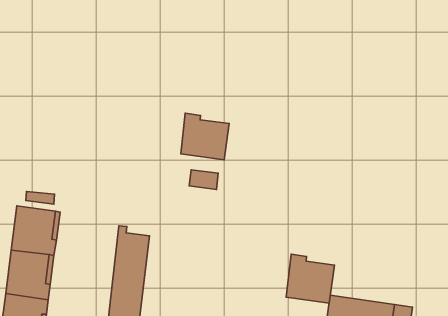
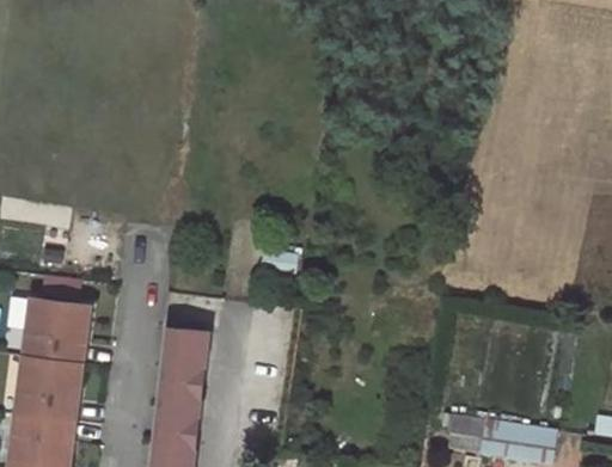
building: [181,113,229,160] -> none
building: [286,254,335,303] -> none

